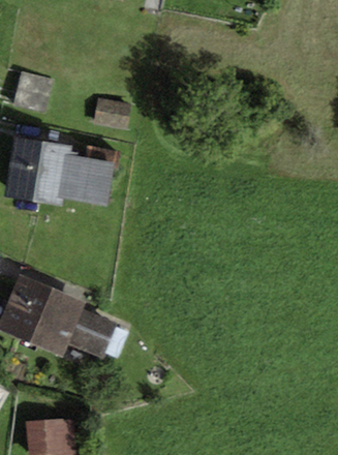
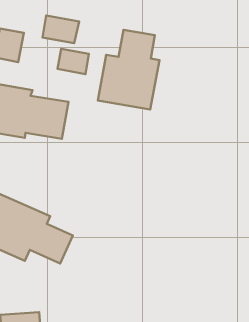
building: none -> [42,15,79,43]
building: none -> [98,30,159,110]

